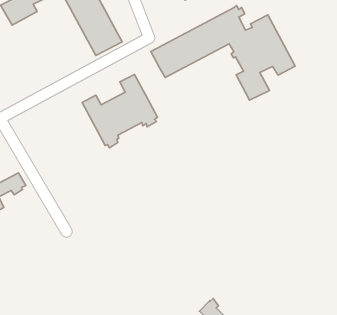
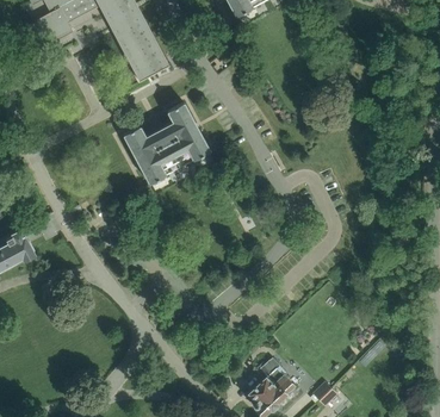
building: [151,5,295,100] -> none

